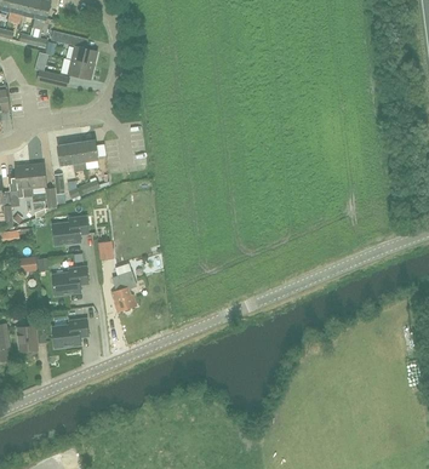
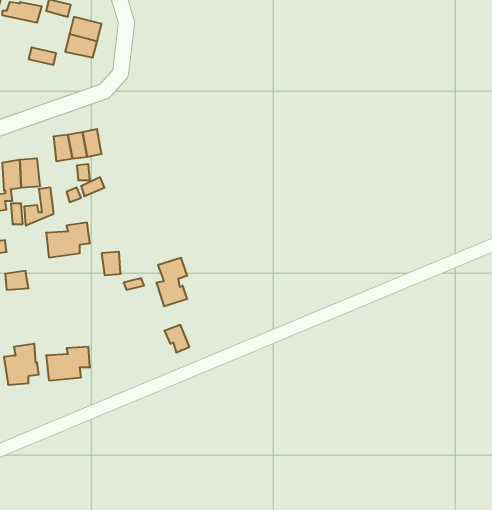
building: [51,267,87,294] -> none
building: [110,270,136,310] -> [156,258,187,306]

